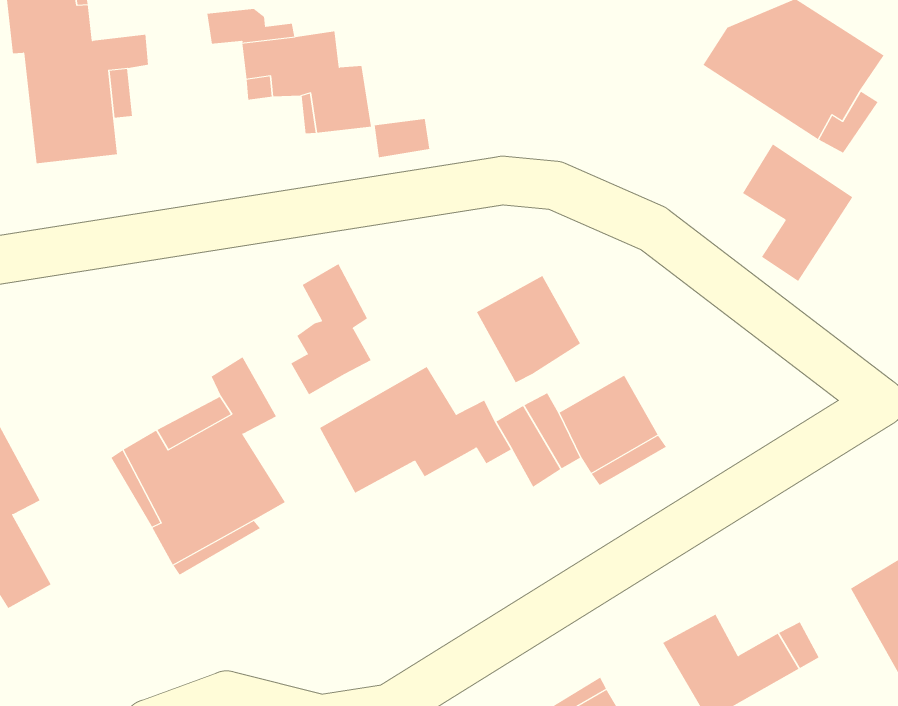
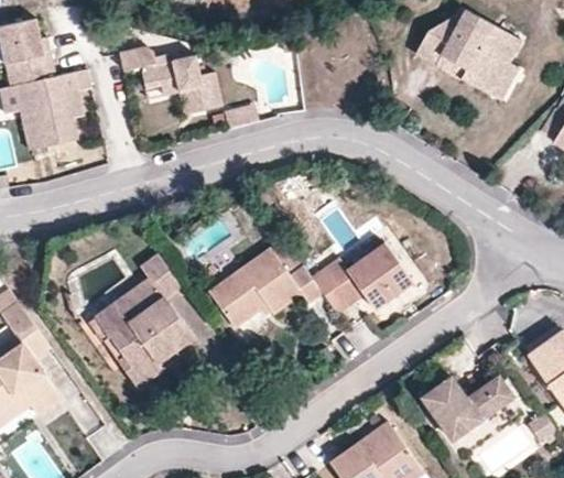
building: [742,144,853,282] -> none
building: [290,263,372,395] -> none
building: [476,275,581,383] -> none

